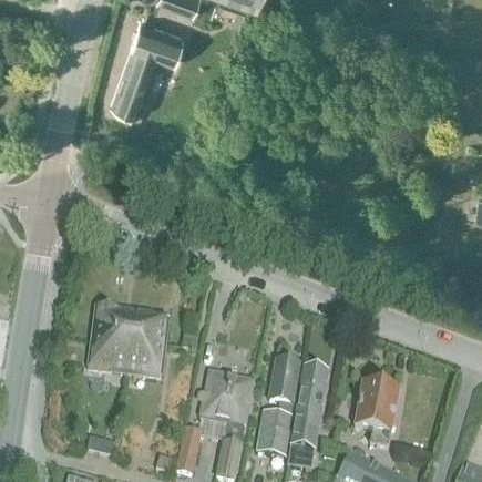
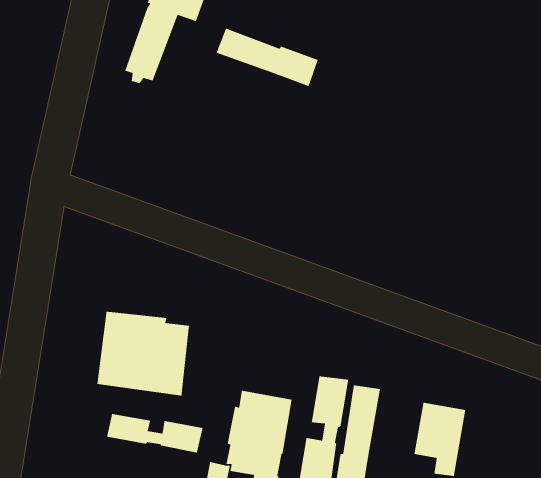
building: none -> [216,28,319,87]
building: none -> [106,413,204,453]

